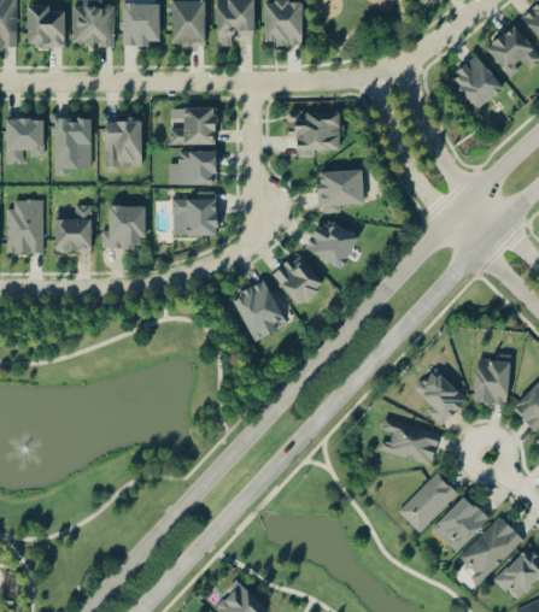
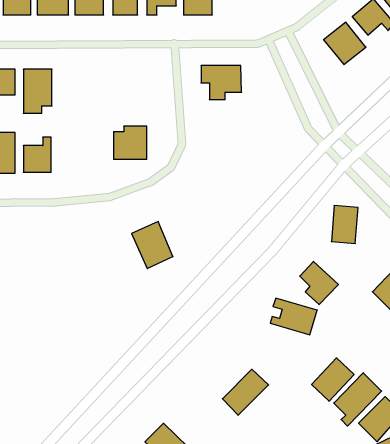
building: [170,107,216,143] -> none
building: [104,117,141,167] -> none
building: [180,151,216,184] -> none
building: [316,170,364,211] -> none
building: [101,206,146,248] -> none
building: [304,222,358,267] -> none
building: [273,253,323,305] -> none
building: [232,279,286,341] -> [132,222,173,269]
building: [474,355,509,405] -> [331,206,358,243]
building: [398,472,458,532] -> [222,369,269,415]

